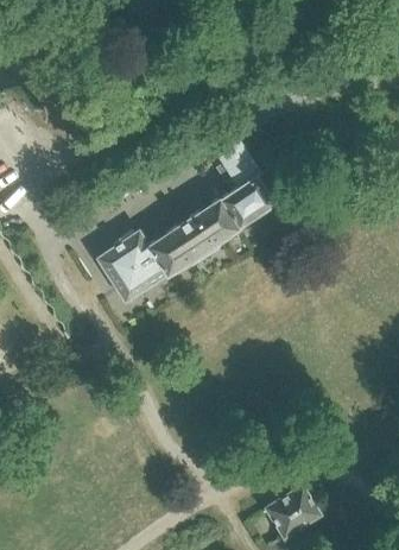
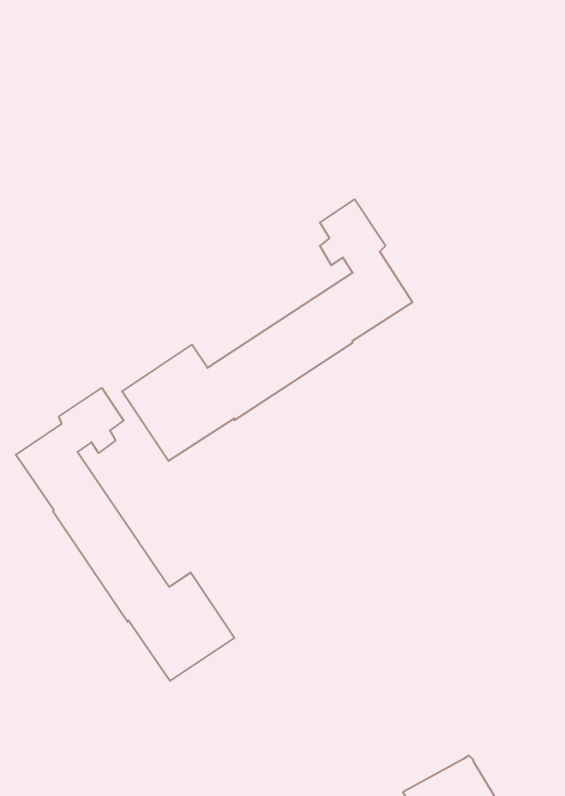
building: none -> [16,388,234,681]

